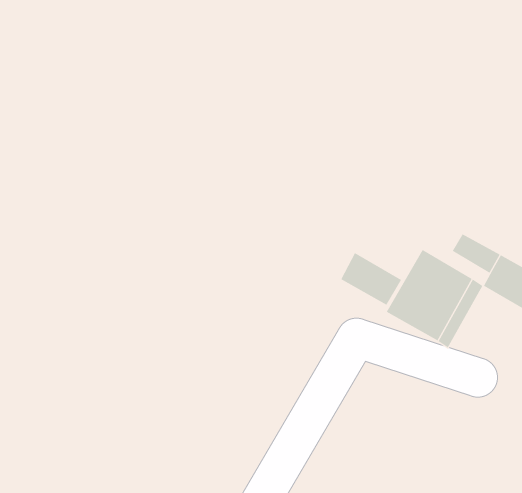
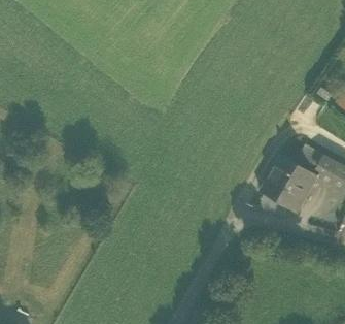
building: [341,252,402,306] -> none

